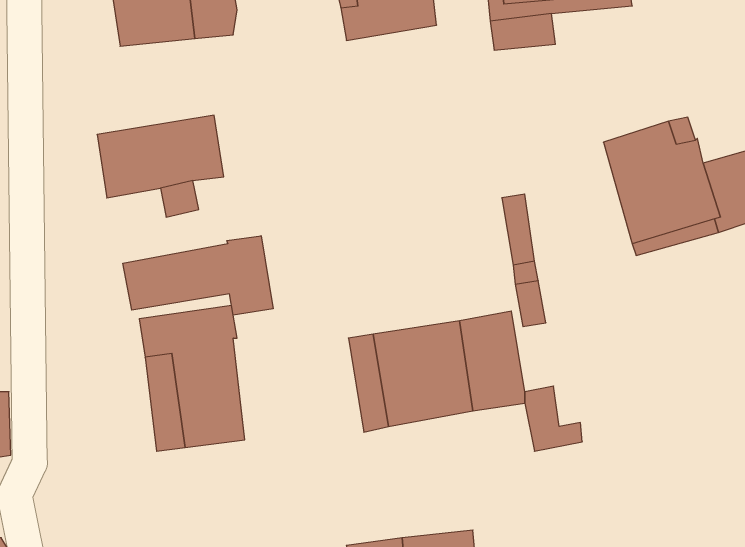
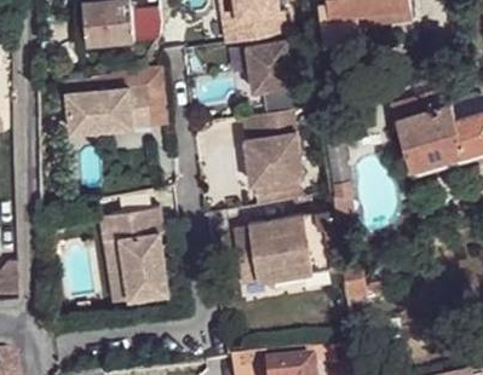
building: none -> [248,33,297,86]
building: none -> [243,104,307,181]
building: [123,236,273,315] -> none

